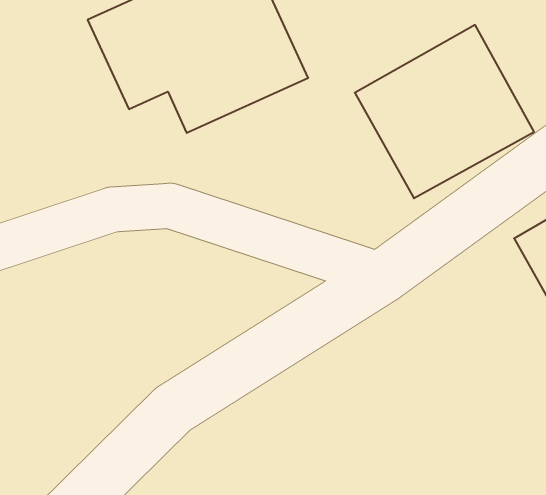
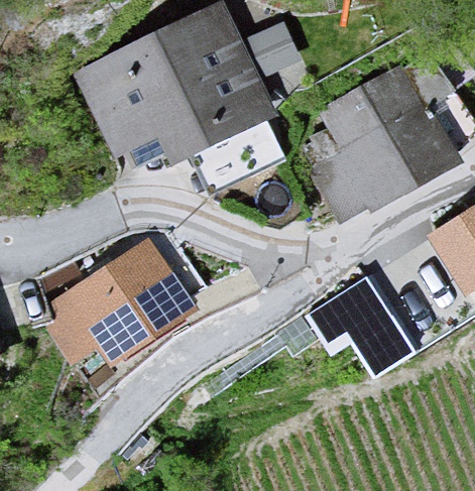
building: none -> [65,237,189,352]
building: none -> [309,281,410,371]

